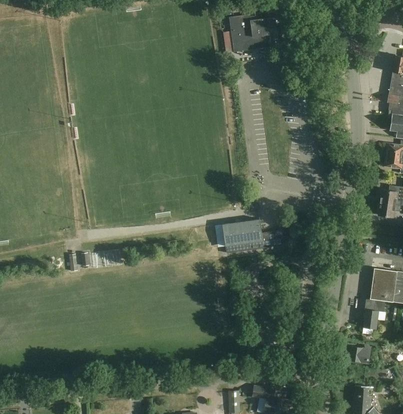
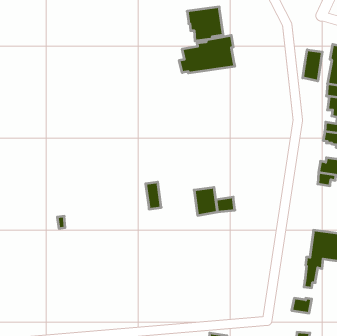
building: none -> [179,35,235,73]
building: none -> [303,50,322,81]
building: [223,222,241,253] -> [146,182,161,209]

